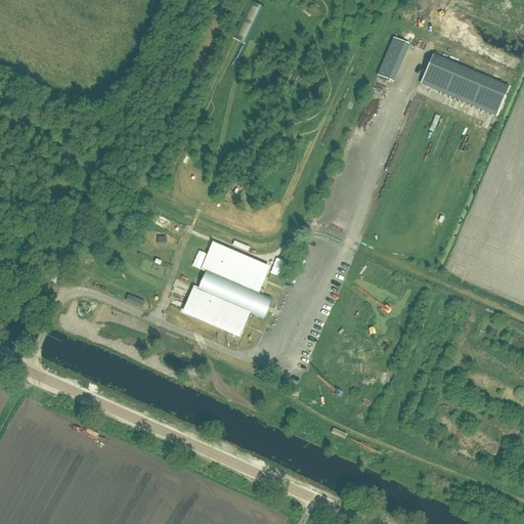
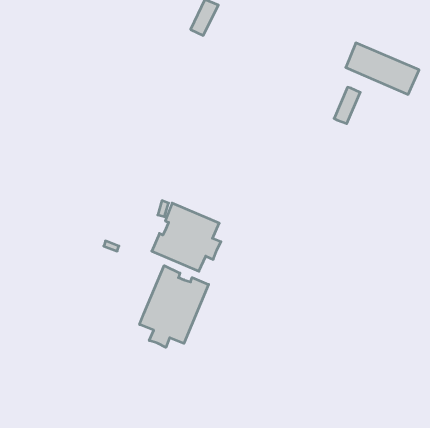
building: [378,36,409,80] -> [334,87,360,124]
building: none -> [140,266,209,347]

